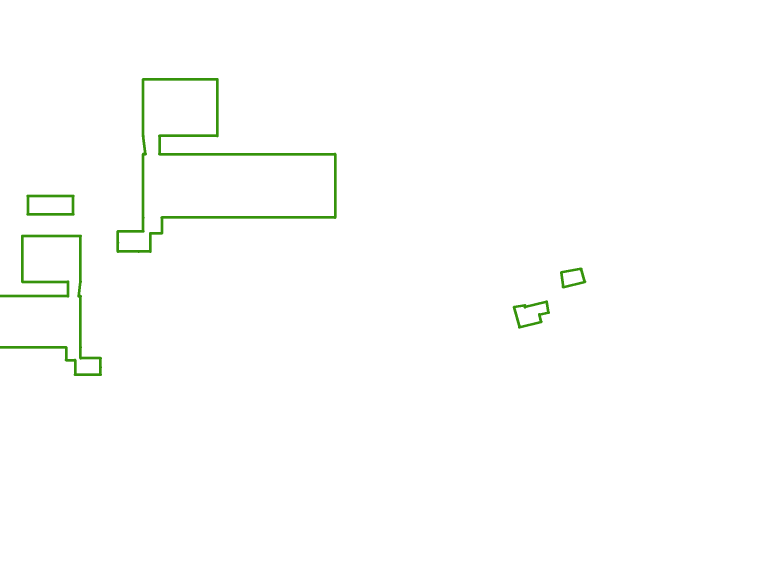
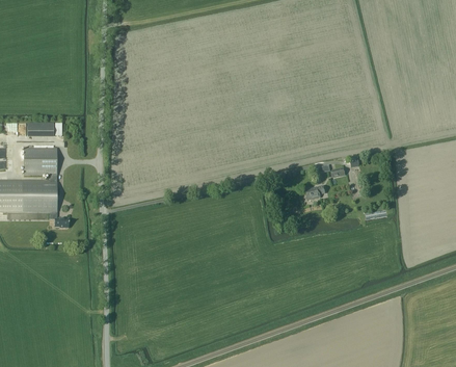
building: [118,79,335,252] -> none

